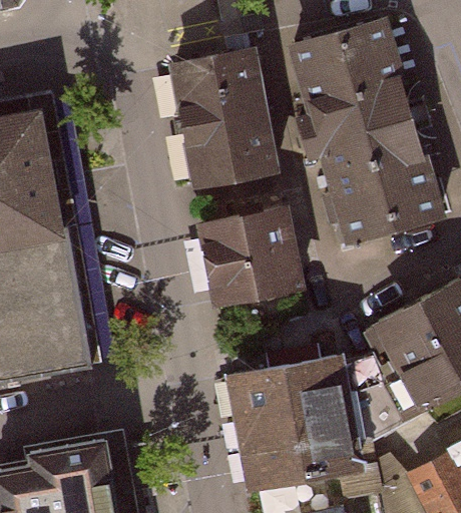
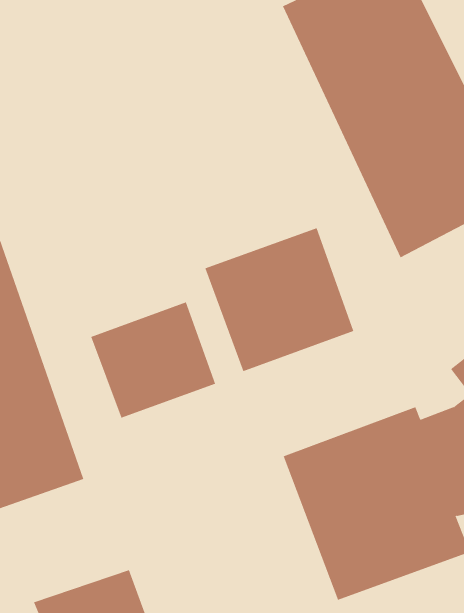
building: [165,51,281,184] -> none
building: none -> [90,302,216,418]

